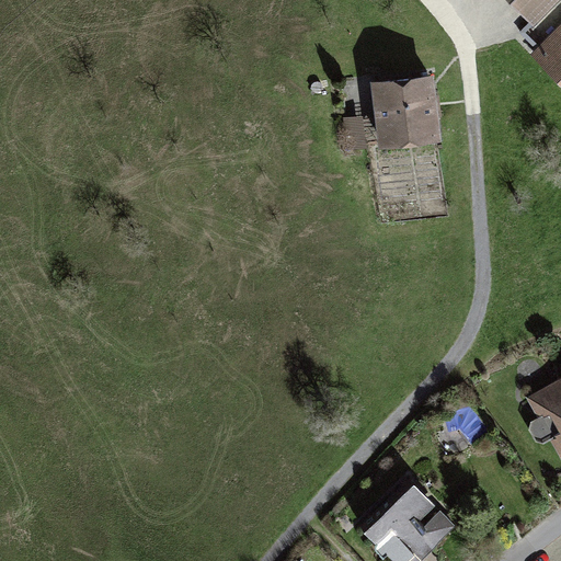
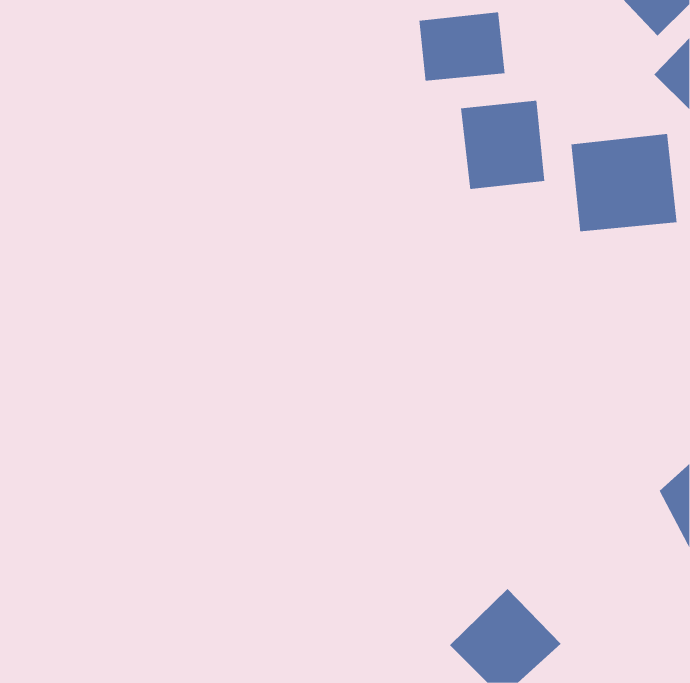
building: none -> [419,12,505,82]
building: none -> [571,133,677,232]

